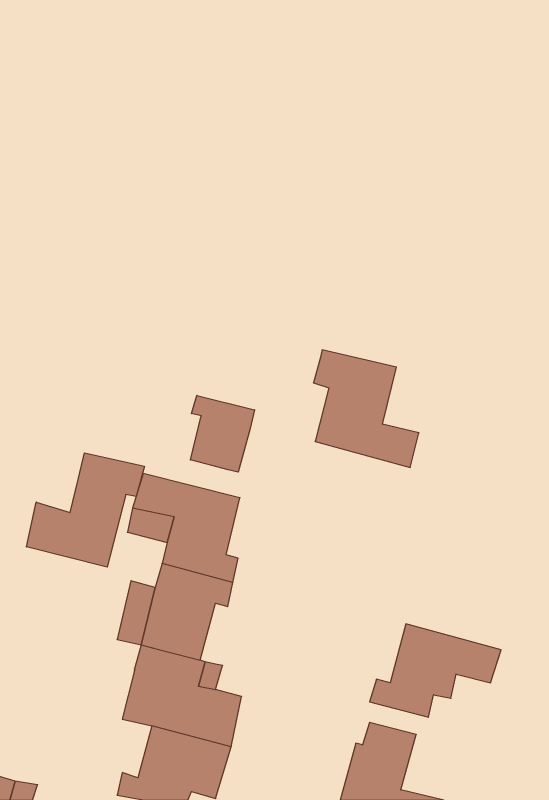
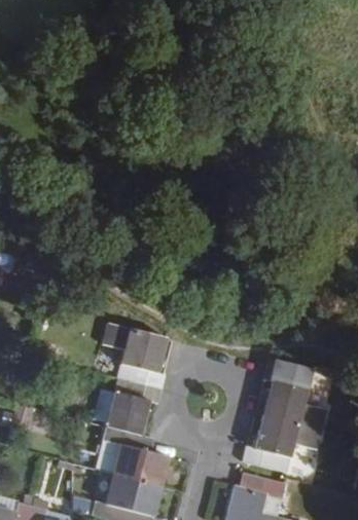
building: [313,350,419,467] -> [263,360,326,430]
building: [190,395,255,472] -> none
building: [27,453,144,567] -> none

